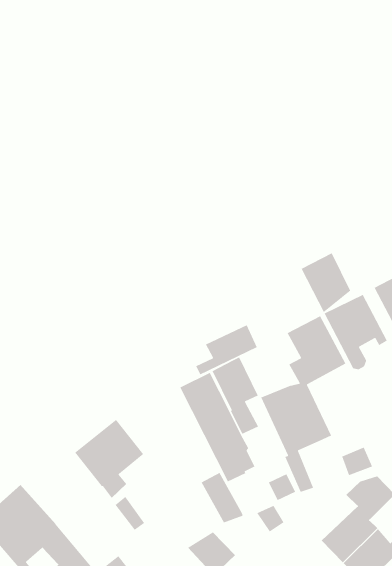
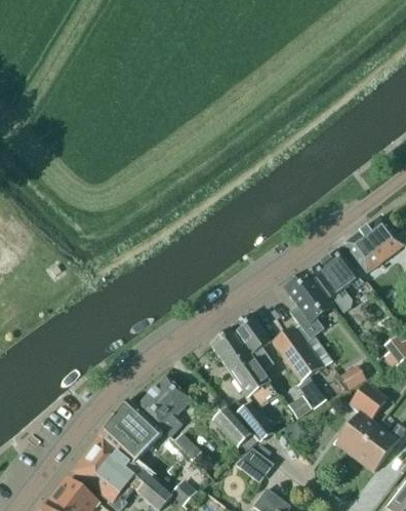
building: [300,252,351,313] -> none
building: [195,324,258,376] -> none
building: none -> [99,400,163,462]
building: none -> [214,406,252,445]

